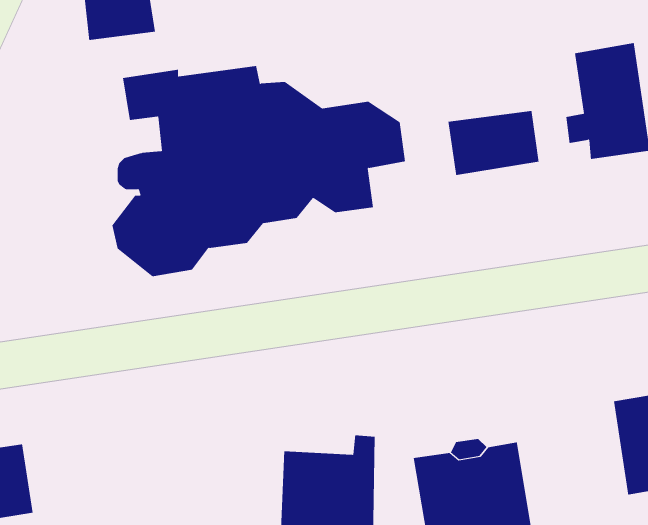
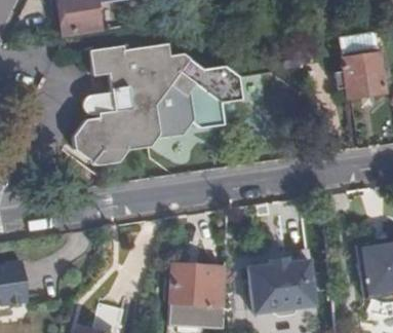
building: [448,110,539,176] -> none

